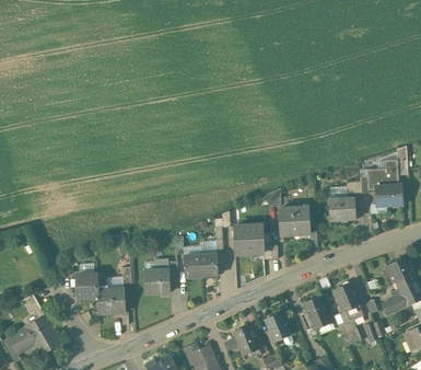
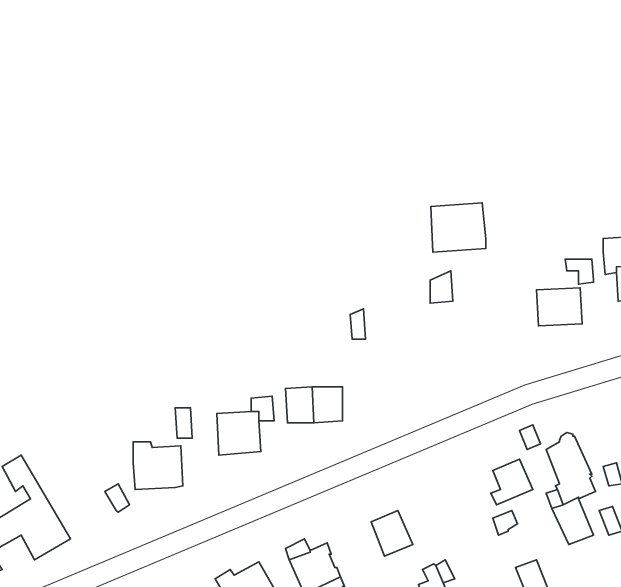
building: [279,206,311,234] -> [431,203,486,252]
building: [233,224,265,253] -> none
building: [77,274,97,298] -> none
building: [265,312,291,342] -> none

